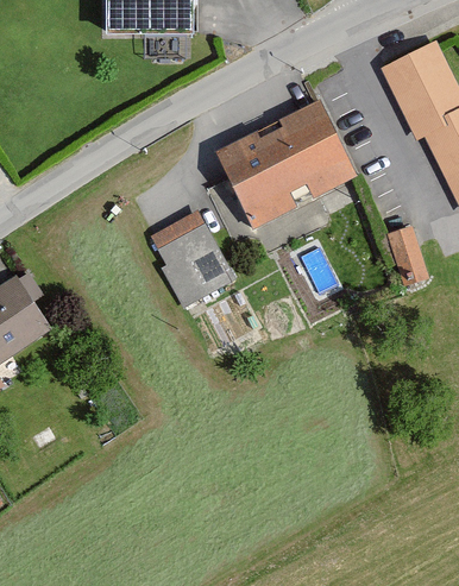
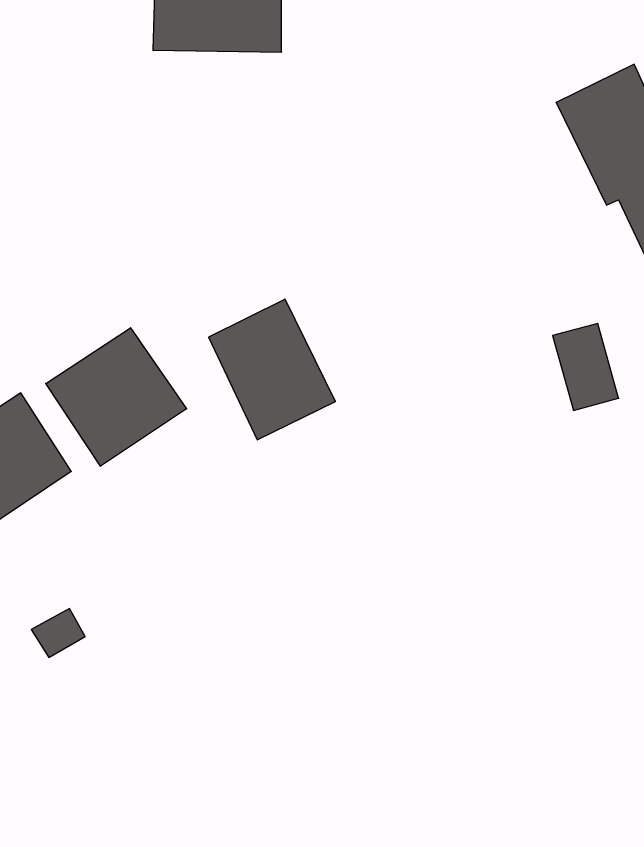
building: [214,99,358,226] -> none
building: none -> [46,328,187,466]

